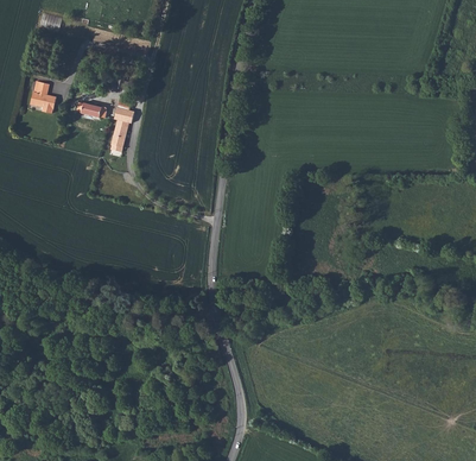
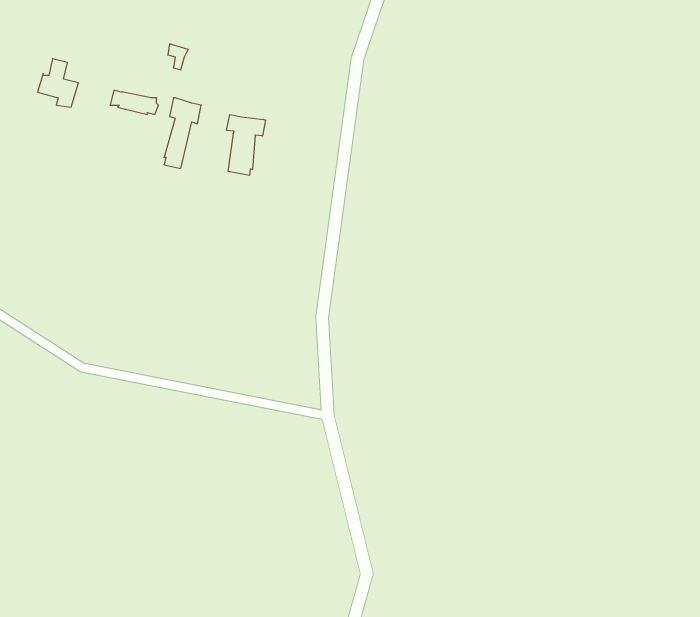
building: none -> [227,115,266,175]

